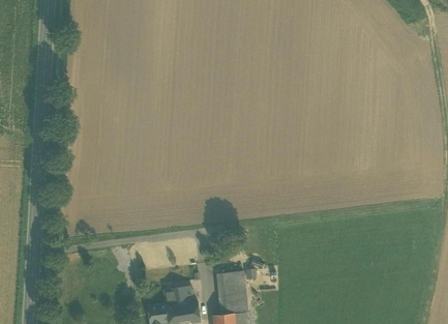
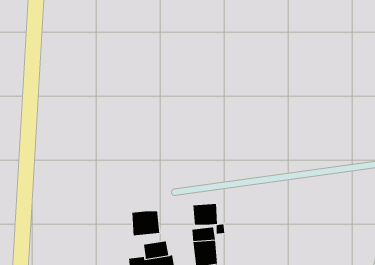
building: none -> [193,203,217,226]
building: none -> [132,211,160,236]

